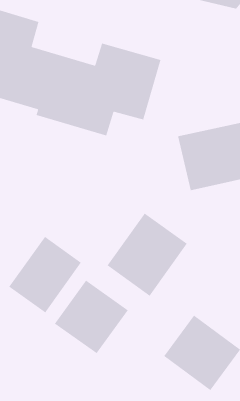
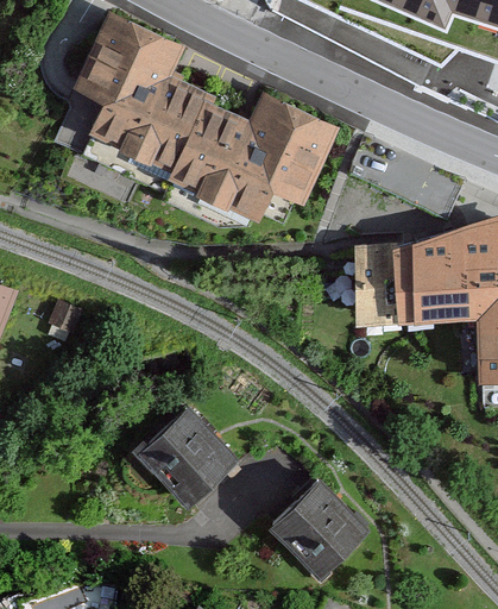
building: [106,212,188,297] -> none
building: [8,236,82,313] -> none

